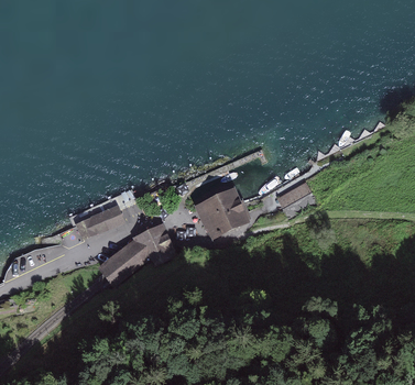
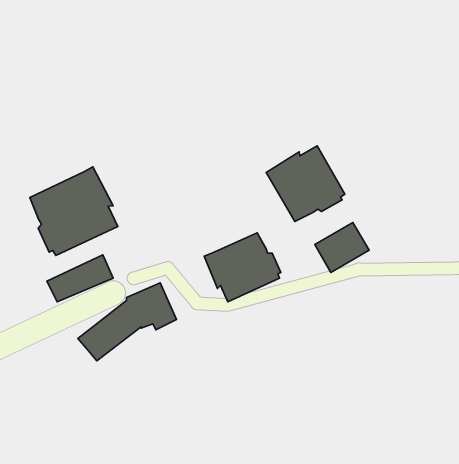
building: none -> [266,146,345,221]
building: none -> [30,167,118,256]

